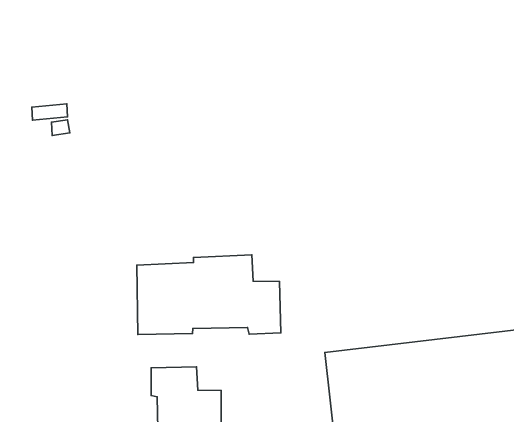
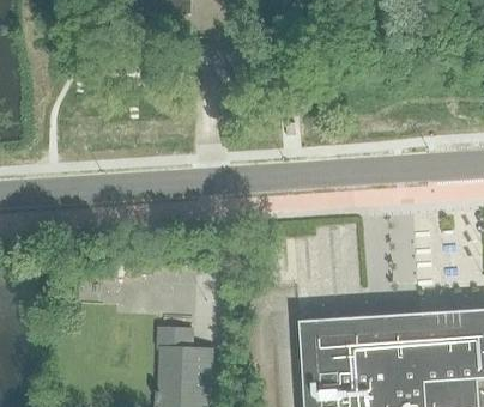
building: [137,255,281,334] -> none

